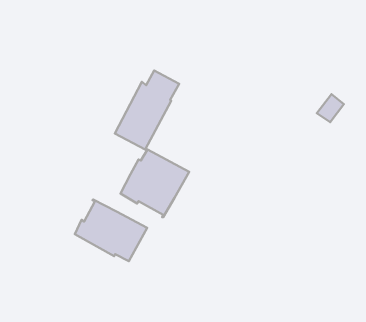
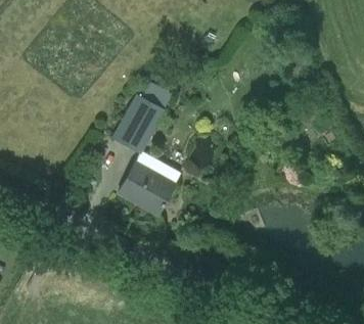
building: [75,200,147,261] -> none

